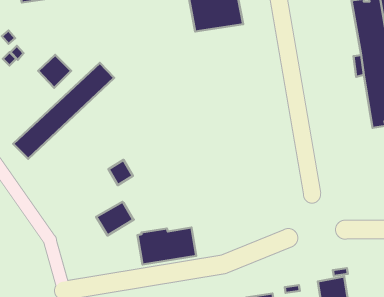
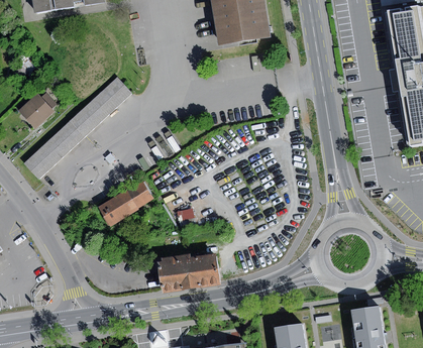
building: [38,55,71,88] -> [18,93,54,128]
building: [96,202,134,236] -> [97,190,137,226]

